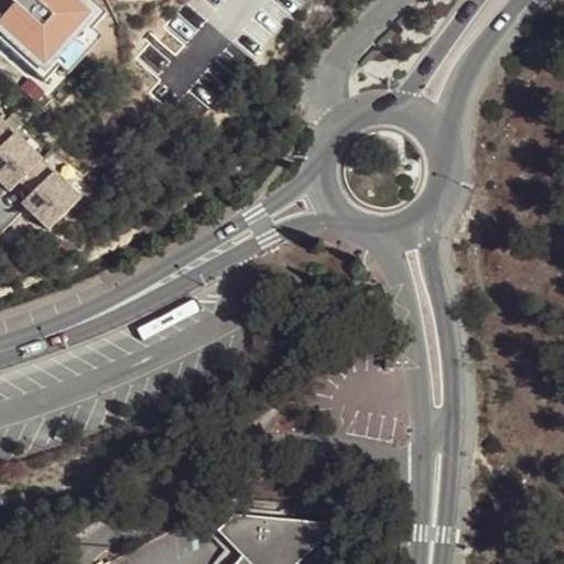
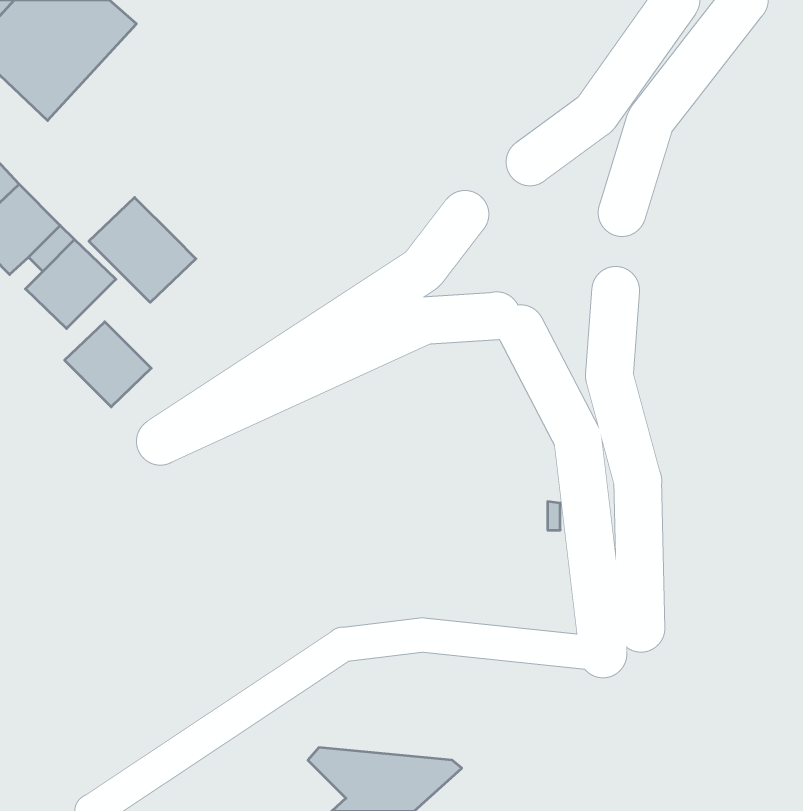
building: none -> [89,197,196,302]
building: none -> [65,322,151,407]

